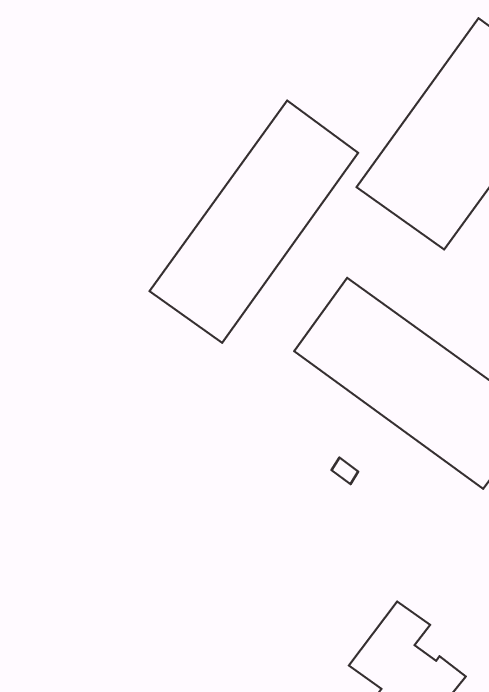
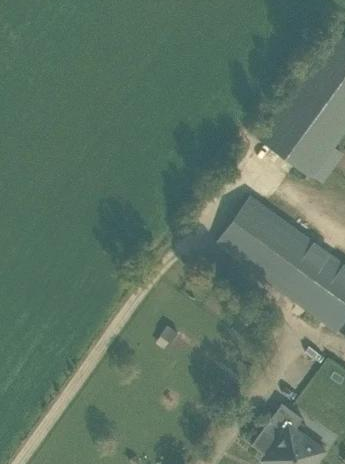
building: [150,101,358,343] -> none

